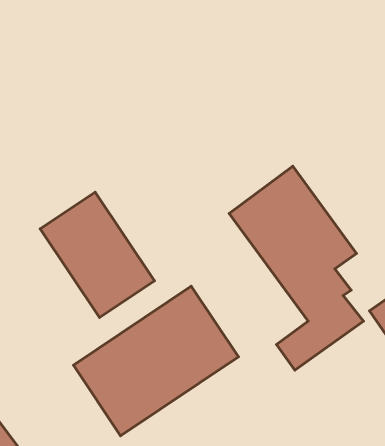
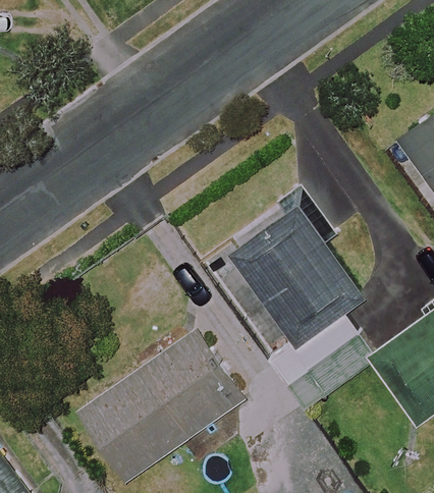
building: [40,192,154,318] -> none

